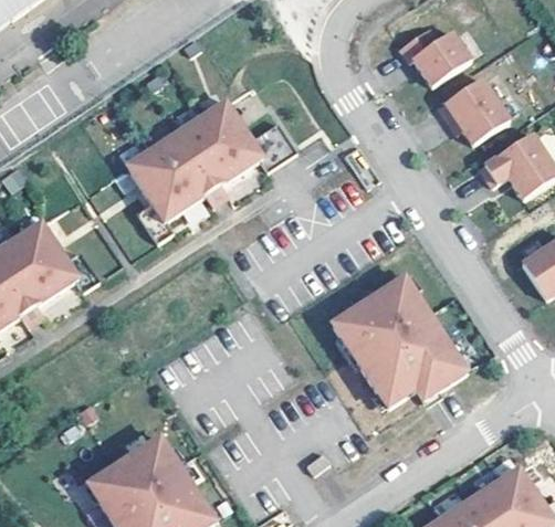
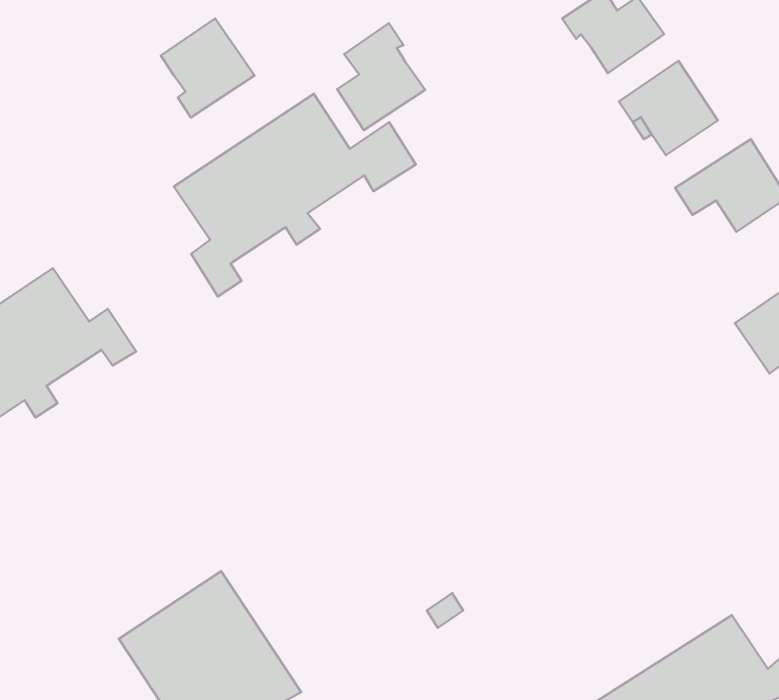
building: none -> [161,18,254,118]
building: none -> [337,23,425,130]
building: [332,275,467,405] -> none

